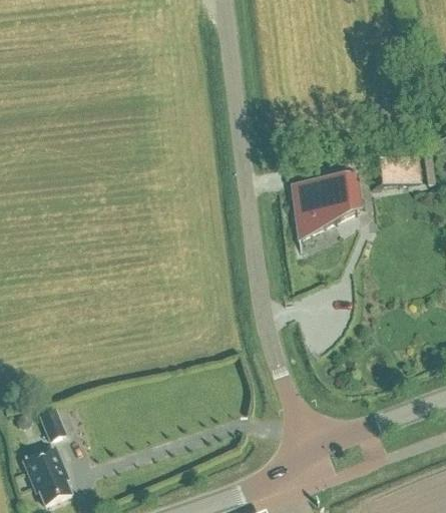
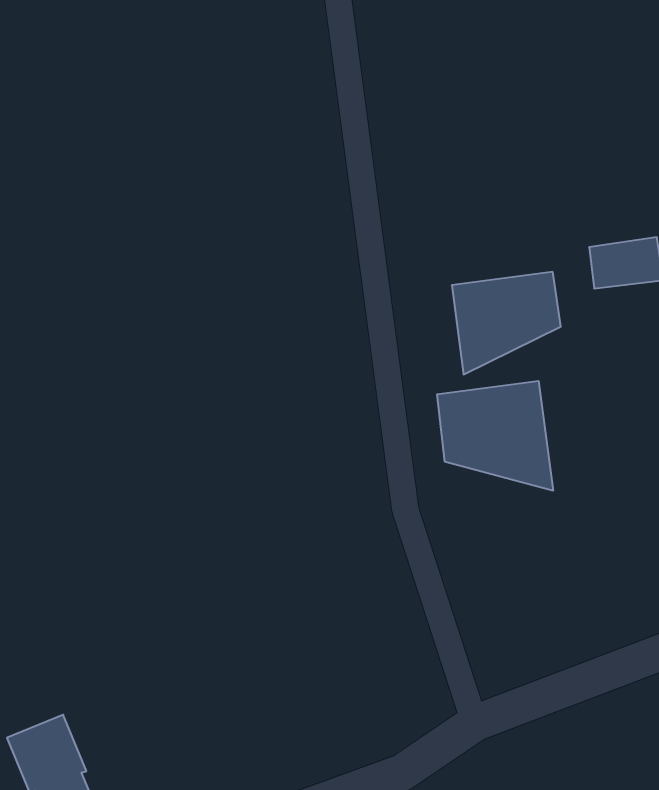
building: none -> [437,381,553,491]
building: [39,406,67,440] -> none

